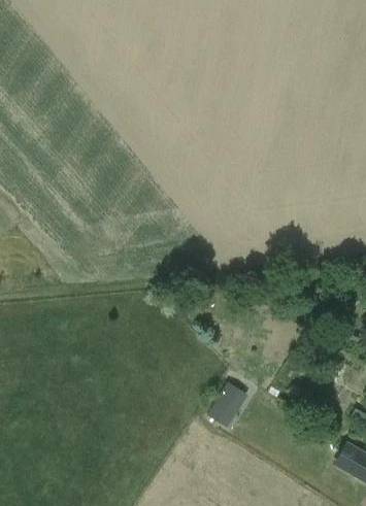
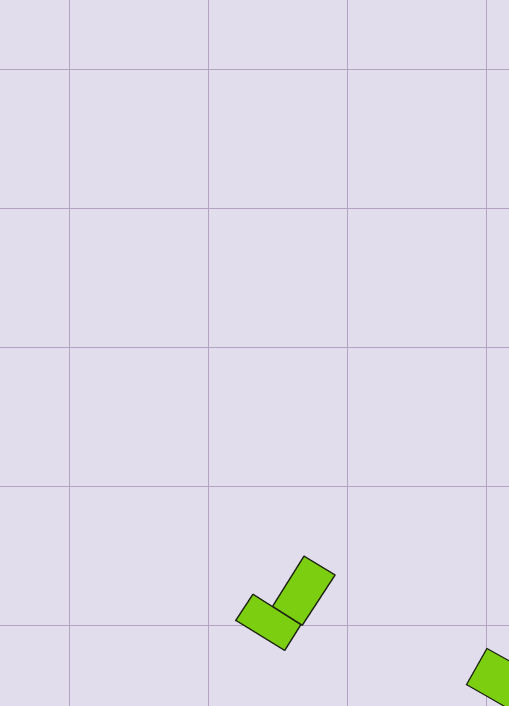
building: none -> [236,594,301,650]

